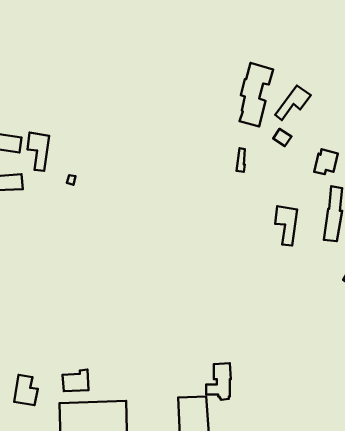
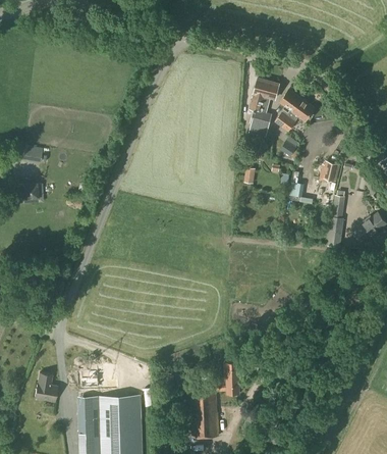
building: none -> [275,89,302,127]
building: [28,132,49,171] -> none
building: [275,206,297,246] -> none

